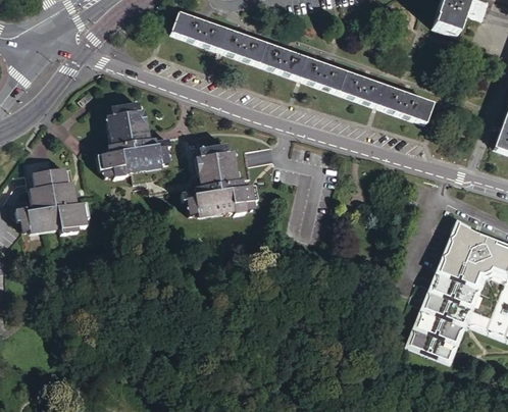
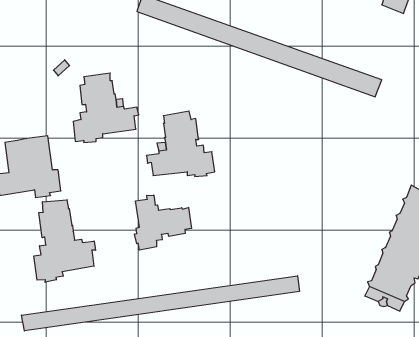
building: none -> [135,195,192,250]
building: none -> [34,200,96,282]
building: none -> [22,276,299,331]

